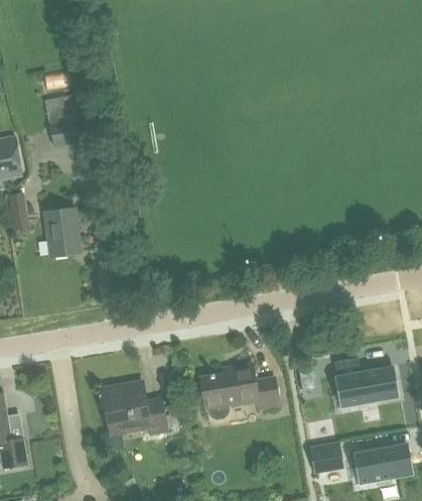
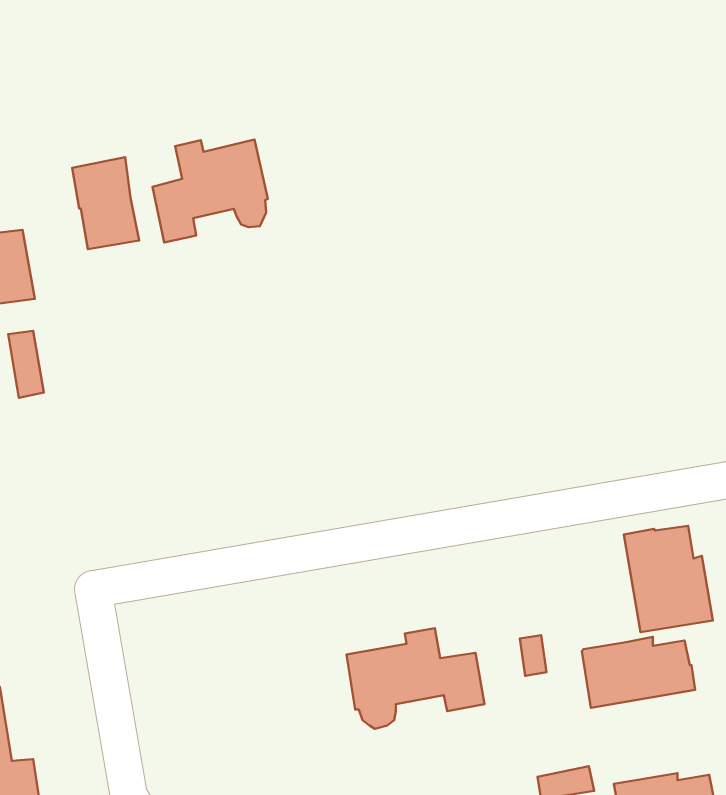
building: none -> [152,140,268,243]
building: [45,207,80,254] -> none
building: none -> [624,526,713,632]
building: [104,381,167,434] -> none

